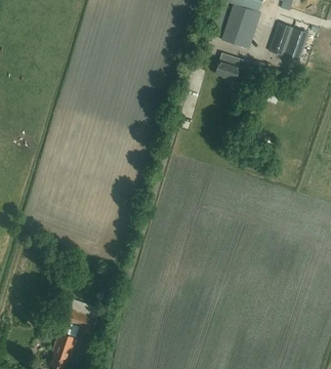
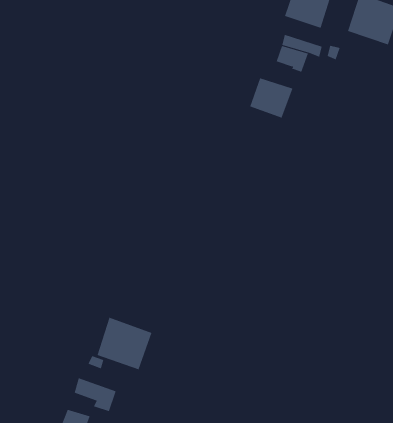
building: none -> [249,78,293,119]
building: none -> [97,317,152,370]

